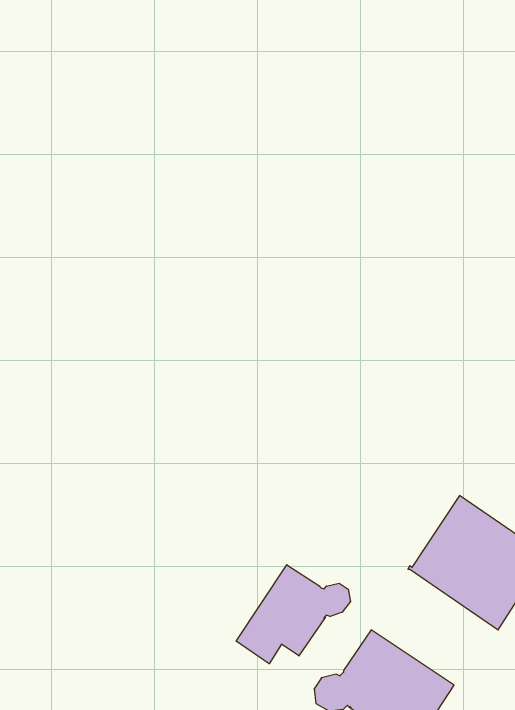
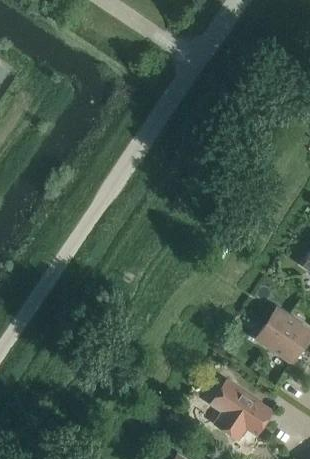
building: [236,565,350,664] -> none

